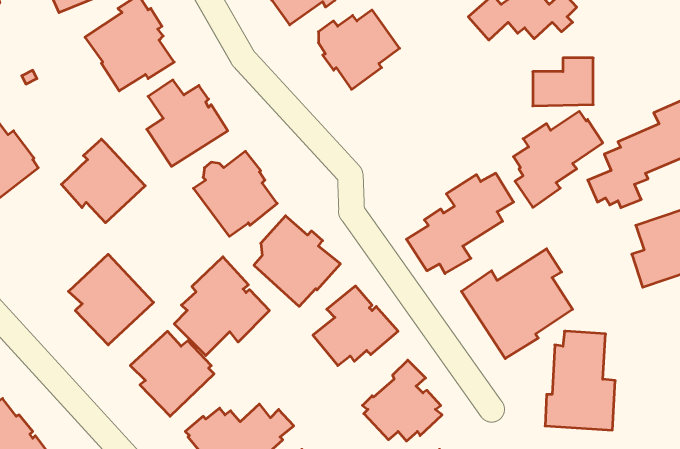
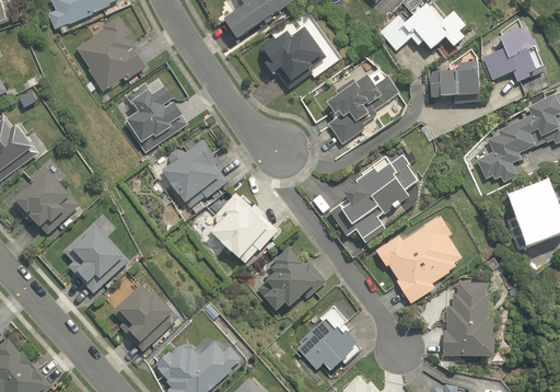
building: none -> [481,28,544,84]
building: [513,111,603,207] -> [326,67,397,143]
building: [61,139,145,223] -> [12,166,79,233]
building: [174,257,269,356] -> none

